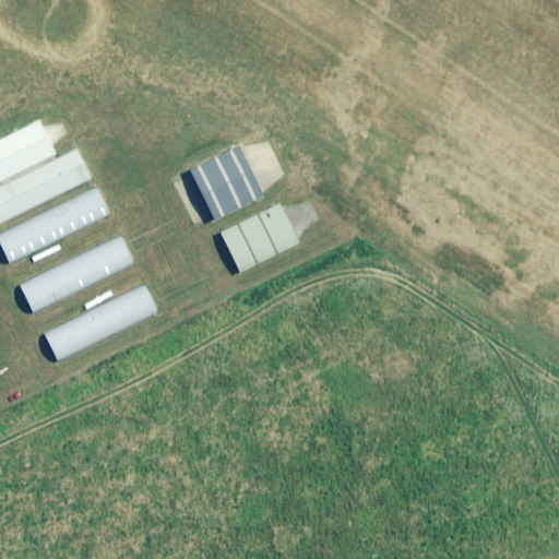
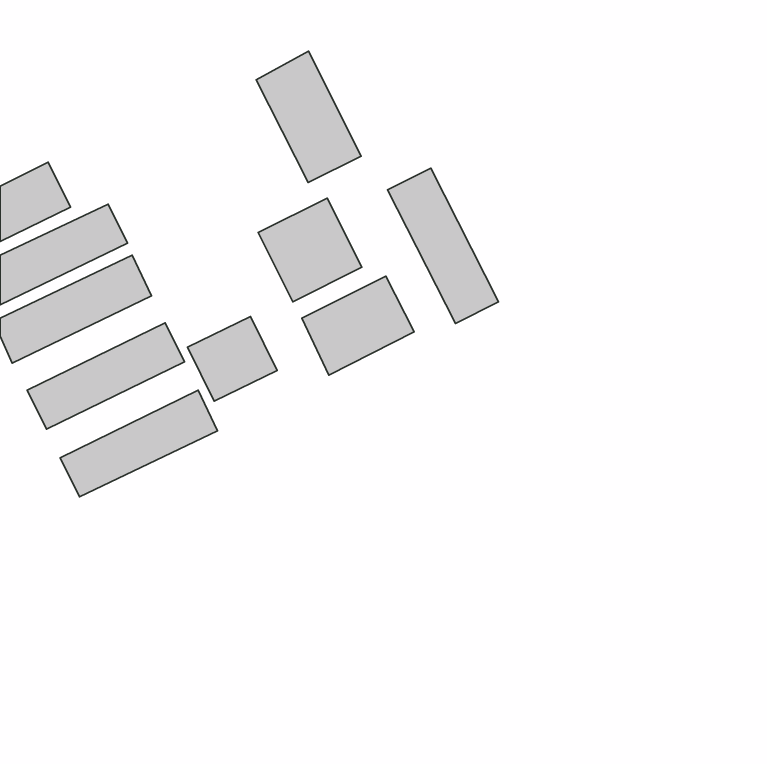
building: none -> [256,51,361,182]
building: none -> [387,168,499,323]
building: none -> [188,317,277,401]

